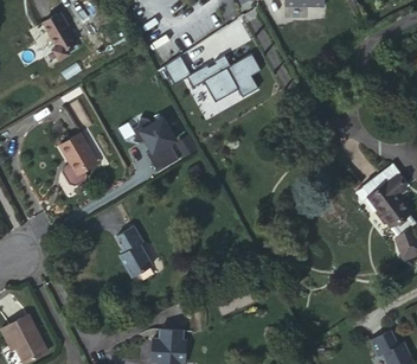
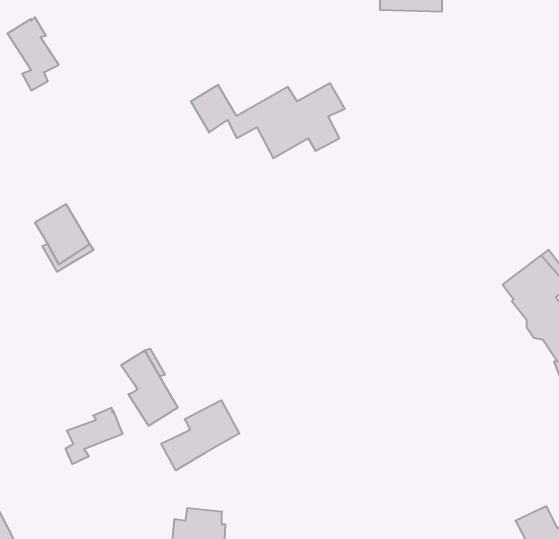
building: [133,117,179,173] -> none
building: none -> [161,400,239,470]
building: none -> [66,408,123,464]

